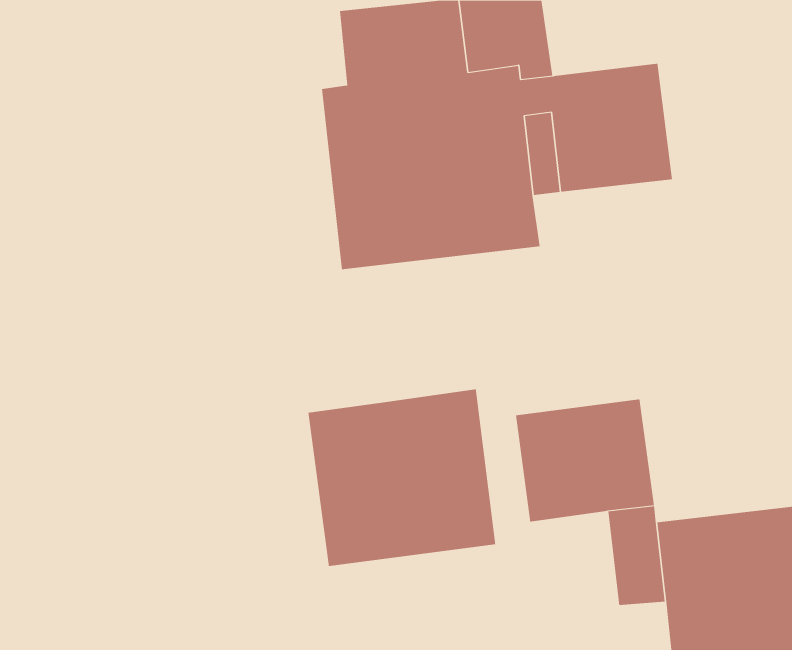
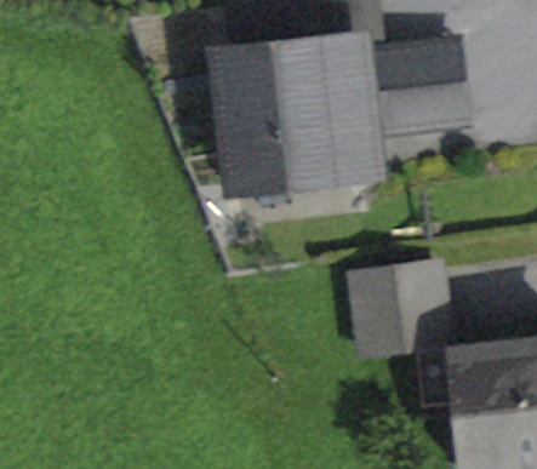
building: [308,388,496,567] -> none

